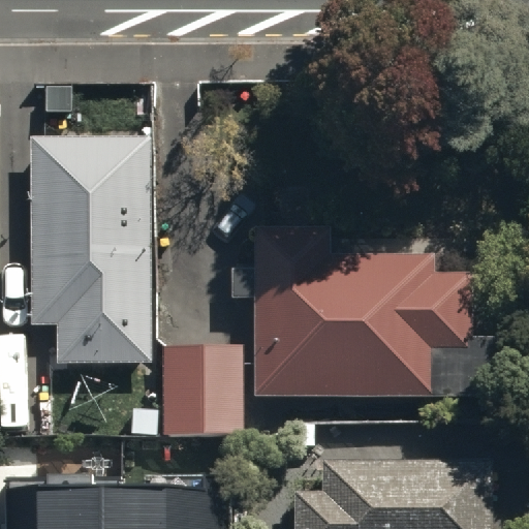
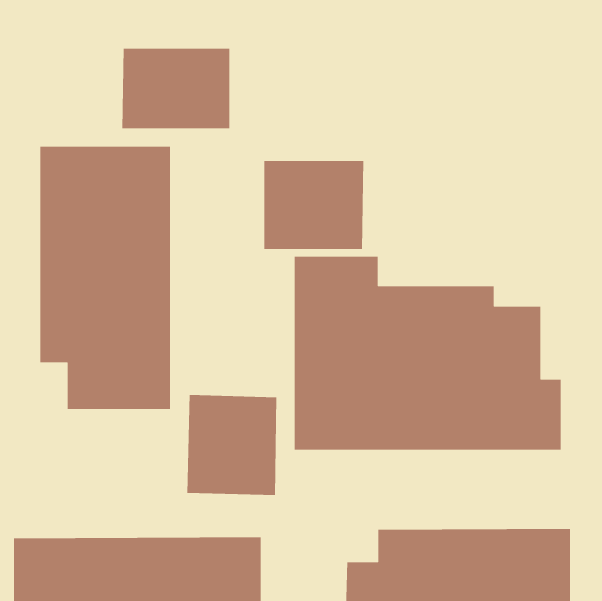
building: none -> [121,48,230,129]
building: none -> [264,160,364,250]

